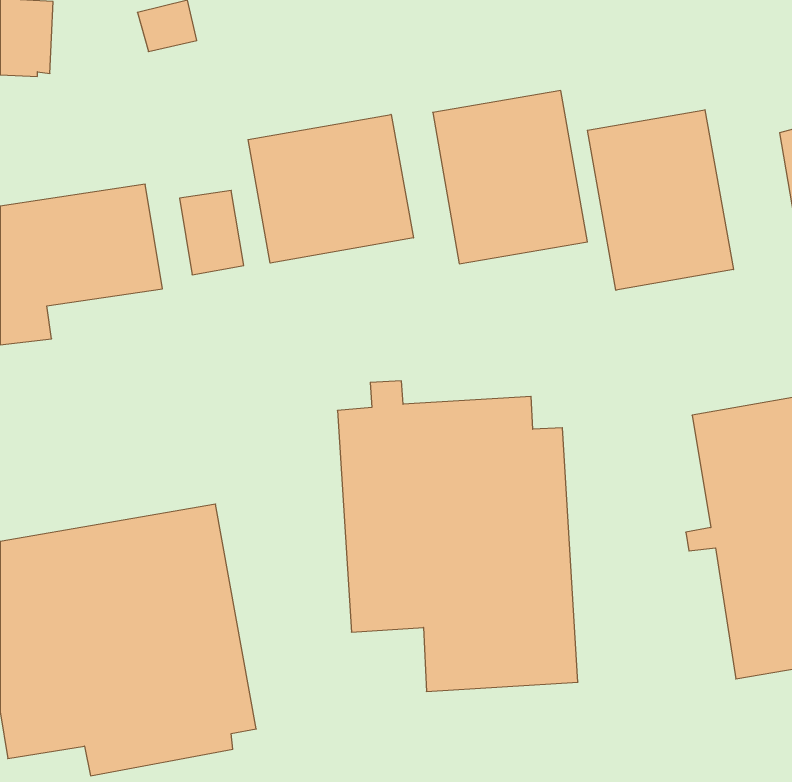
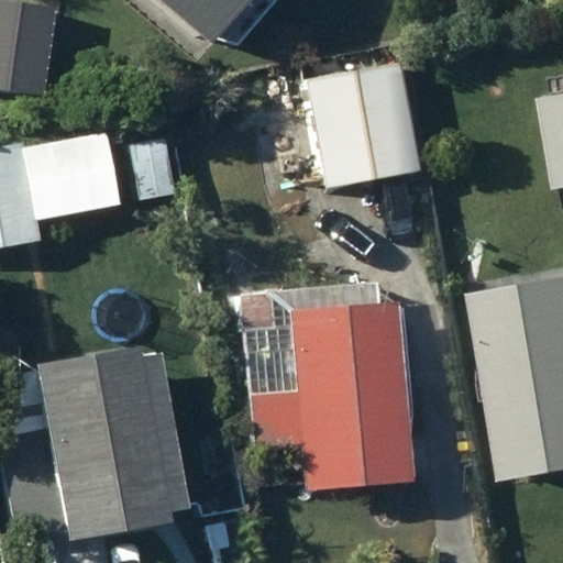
building: [587,110,733,290] -> none
building: [248,114,413,263] -> none

